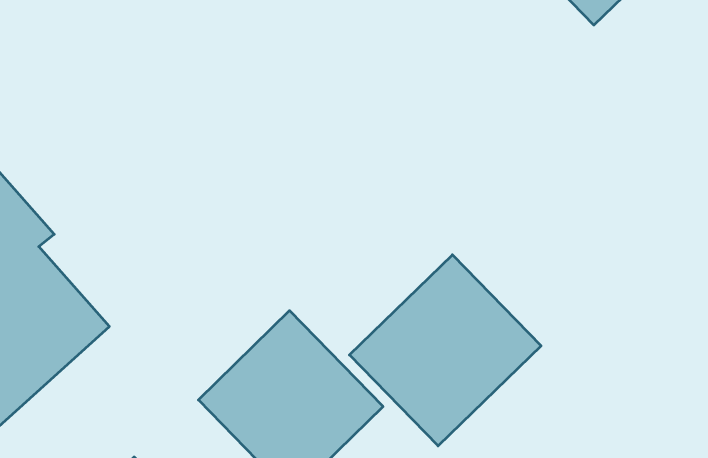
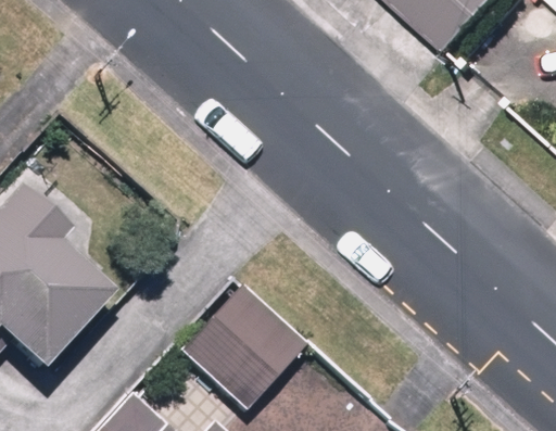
building: [349,255,541,446] -> none

